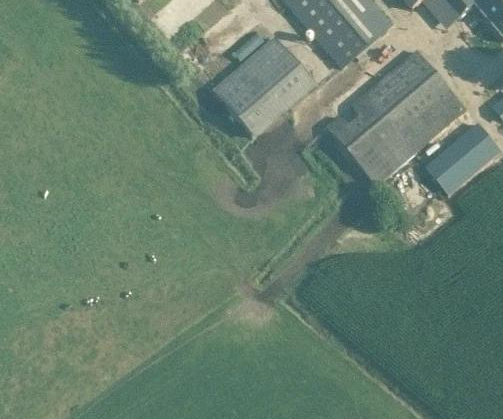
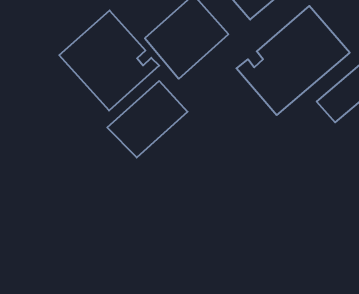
building: none -> [59,10,159,111]
building: none -> [107,81,188,158]

